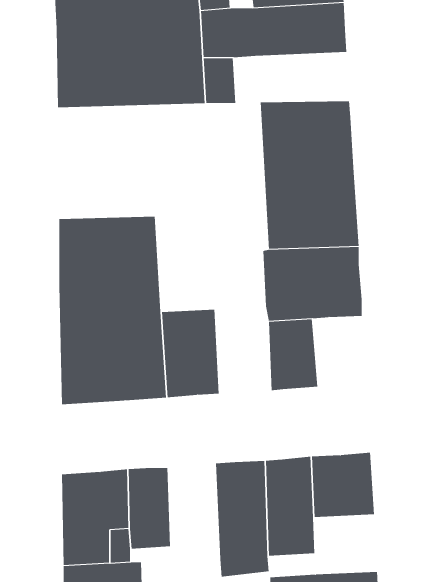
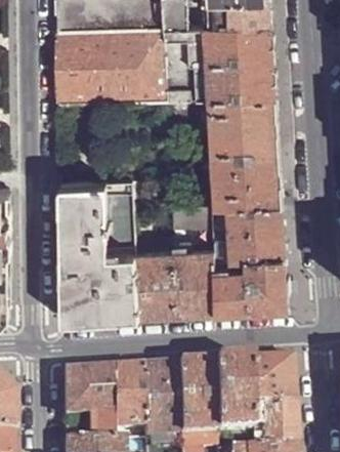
building: none -> [208,59,278,96]
building: none -> [178,247,219,312]
building: none -> [251,254,291,306]
building: none -> [143,363,181,436]
building: none -> [251,401,298,445]

